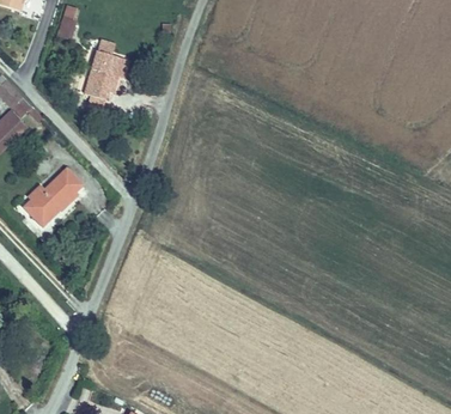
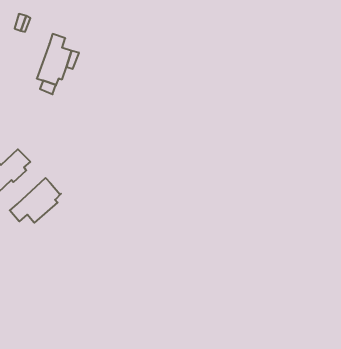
building: none -> [10,178,61,223]

